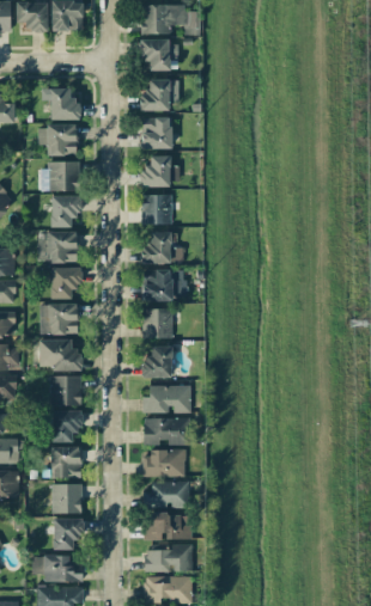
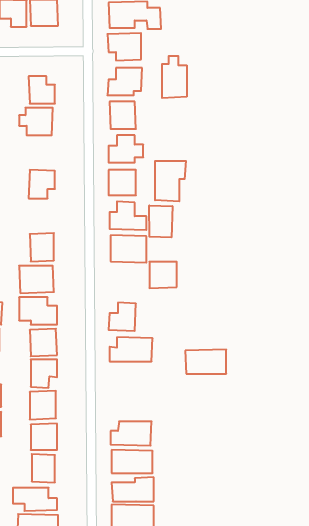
building: none -> [162,56,187,98]
building: [43,160,80,190] -> none
building: none -> [155,161,186,201]
building: [39,232,78,262] -> none
building: none -> [149,205,172,237]
building: [142,308,174,338] -> [149,262,177,288]
building: [144,417,190,445] -> [185,350,226,374]
building: [144,451,187,477] -> none

